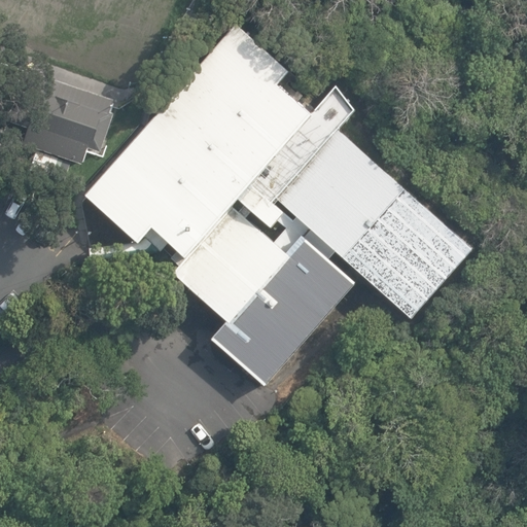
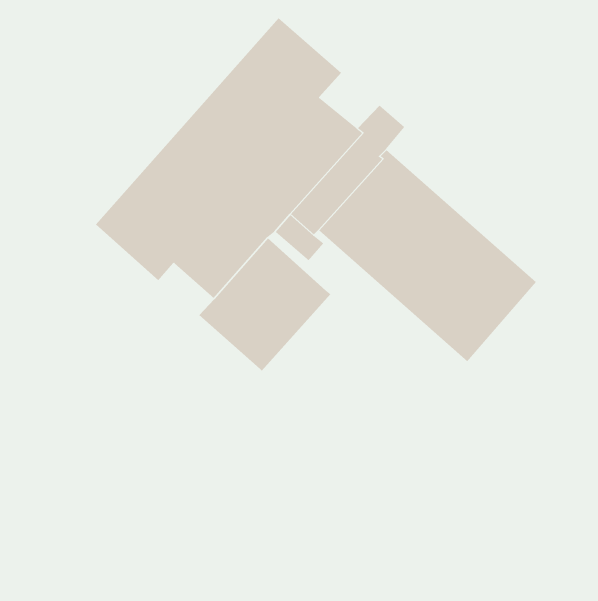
building: [24,78,114,166] -> none
building: [212,236,357,387] -> none

